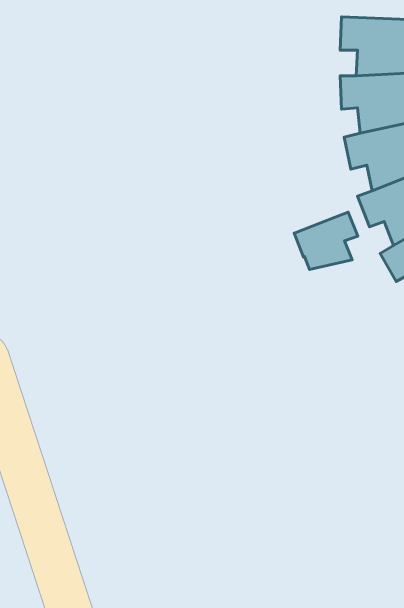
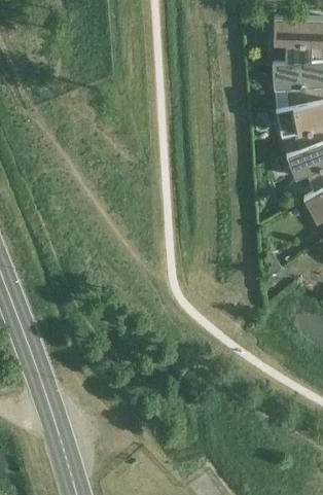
building: [294,212,358,270] -> none

